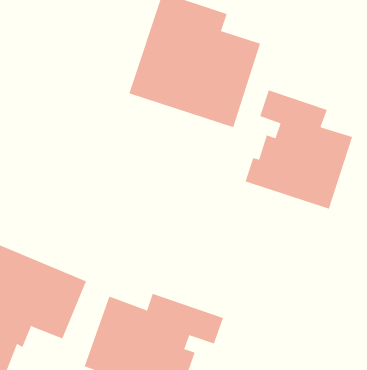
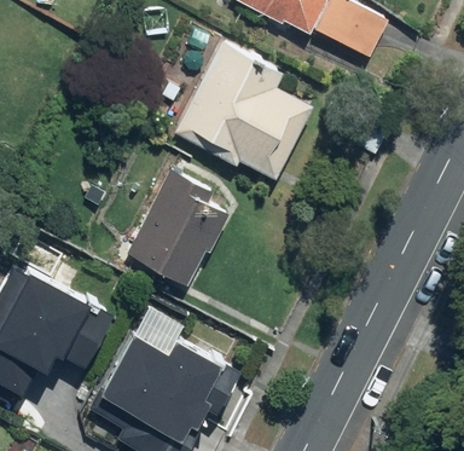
building: [245,90,353,209] -> none
building: none -> [127,170,231,288]

